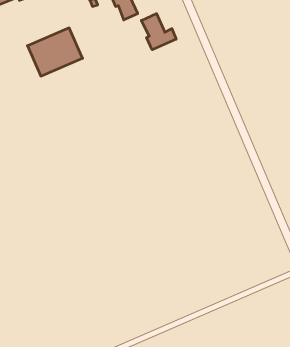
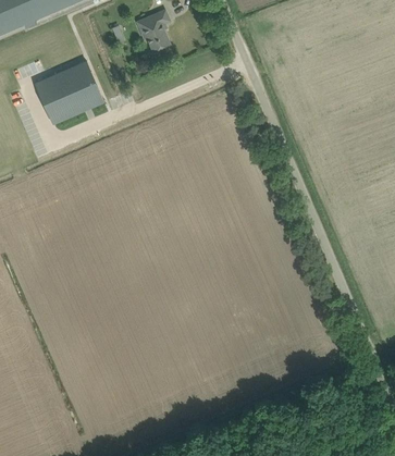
building: [141,14,176,50] -> none

